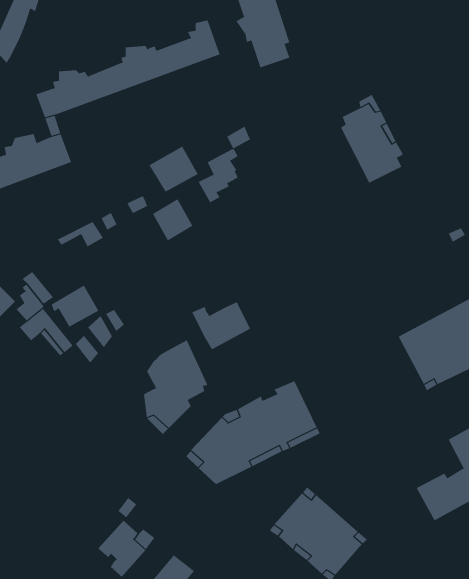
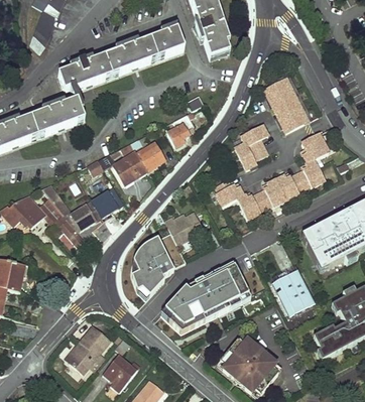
building: [148,145,198,192] -> [113,152,146,183]
building: none -> [228,127,260,171]
building: none -> [212,135,324,220]
building: none -> [91,187,122,218]
building: none -> [273,272,314,317]
building: none -> [64,324,111,374]

